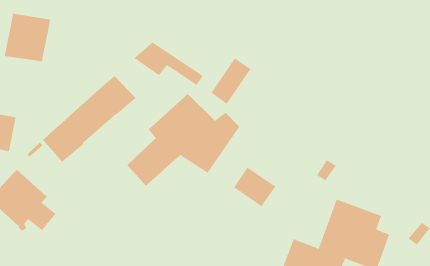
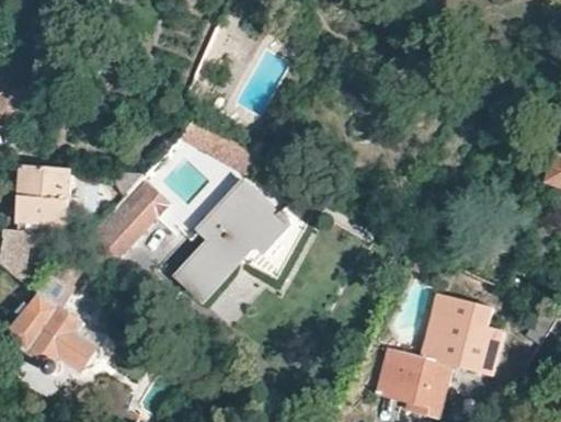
building: [4,13,51,62] -> [18,166,71,223]
building: [210,58,252,105] -> none
building: [233,167,276,207] -> none

